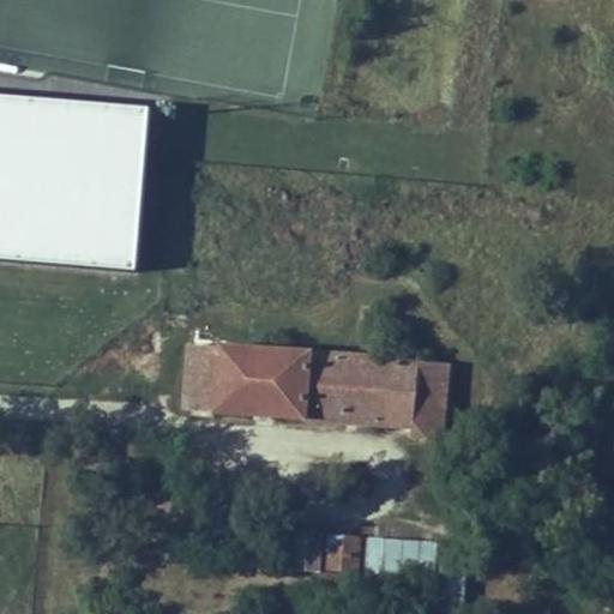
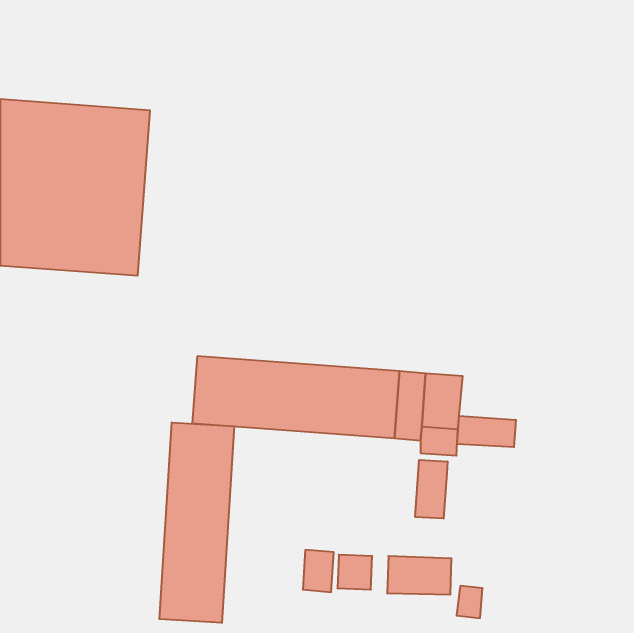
building: none -> [457,416,516,447]
building: none -> [159,422,234,623]
building: none -> [415,460,448,519]

